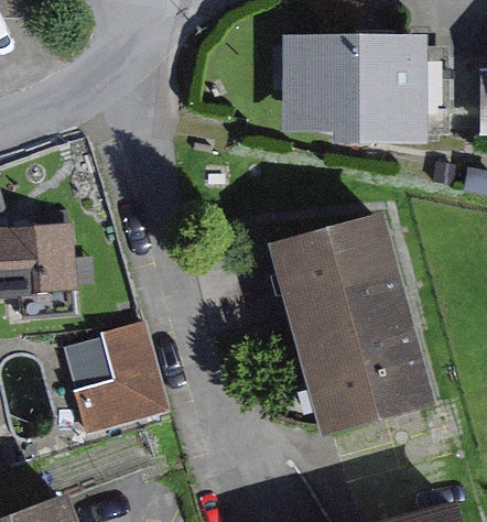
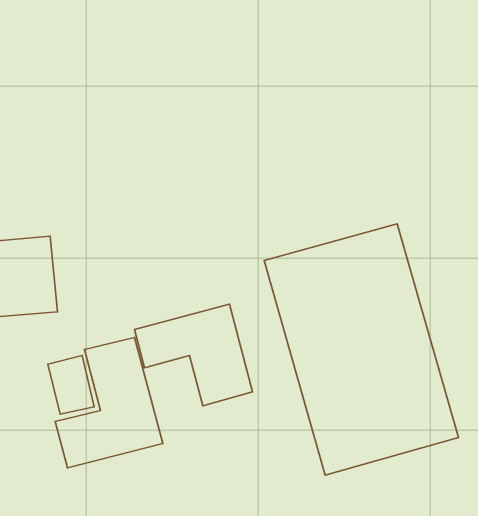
building: [281,37,423,144] -> none
building: none -> [135,304,252,406]

